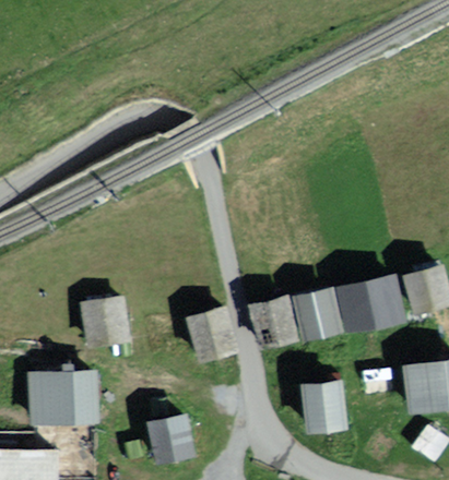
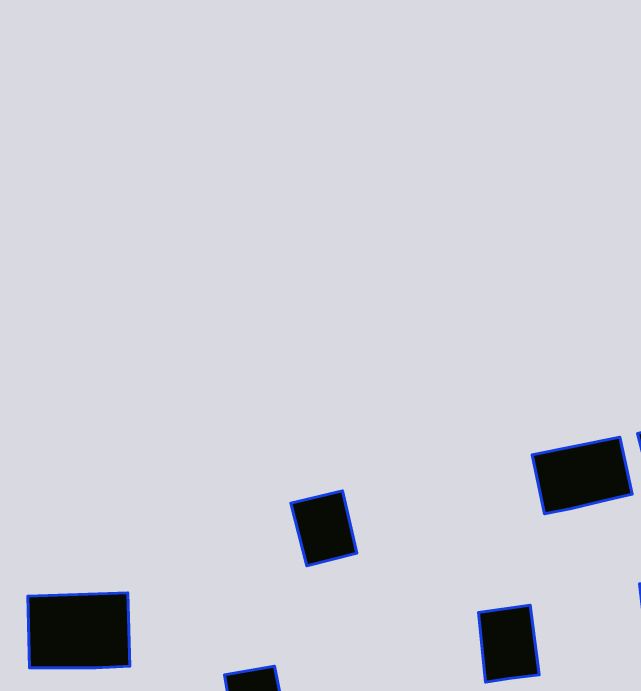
building: [295,292,335,335] -> none
building: [84,298,123,341] -> none
building: [251,298,294,341] -> none

